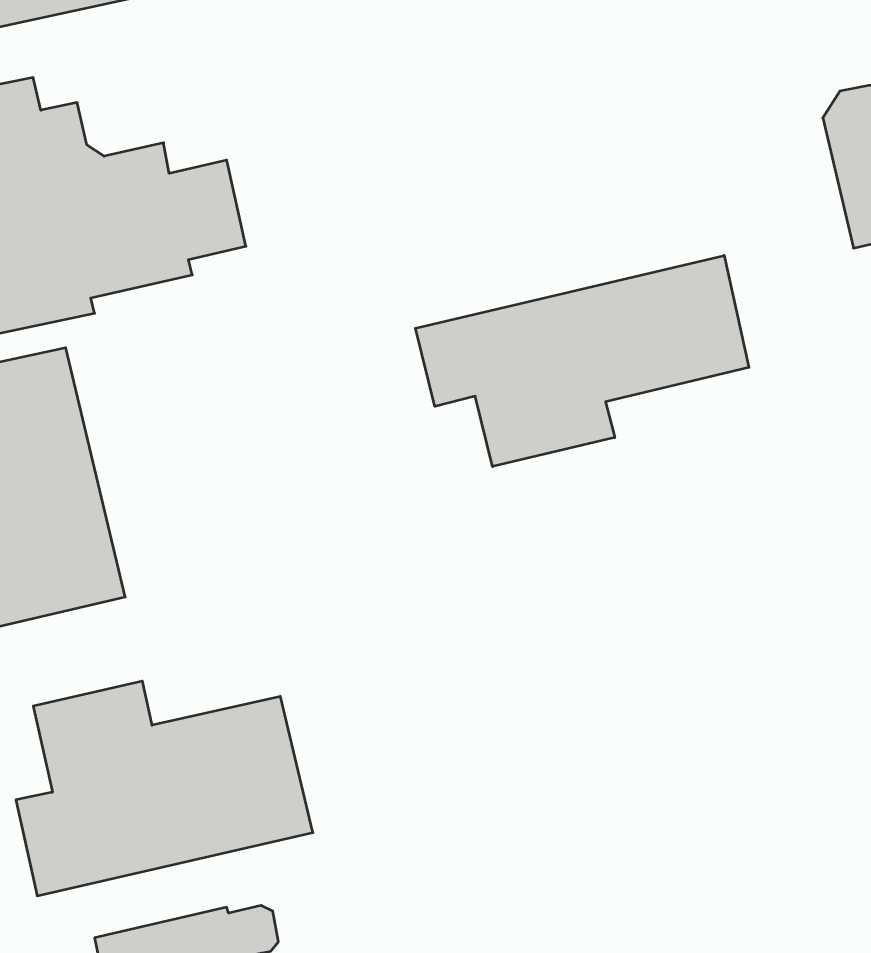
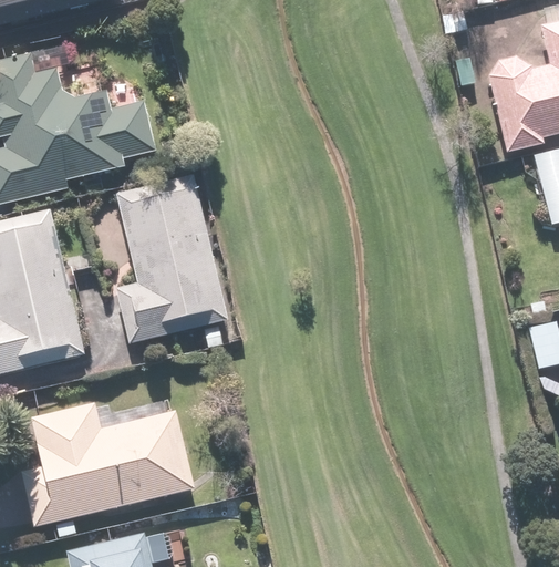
building: [415,255,749,467] -> none
building: none -> [114,175,226,343]

